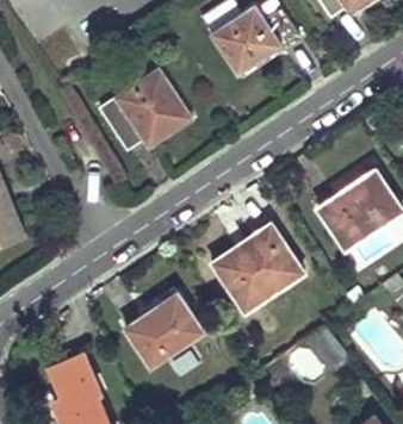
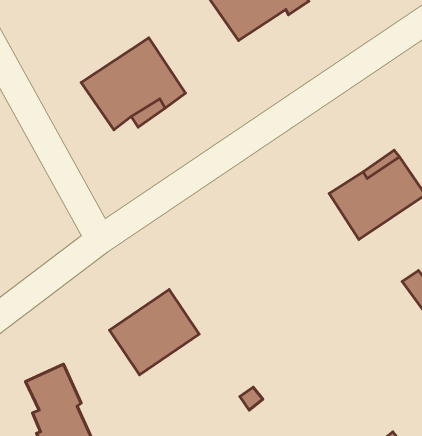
building: [211,223,303,312] -> none

